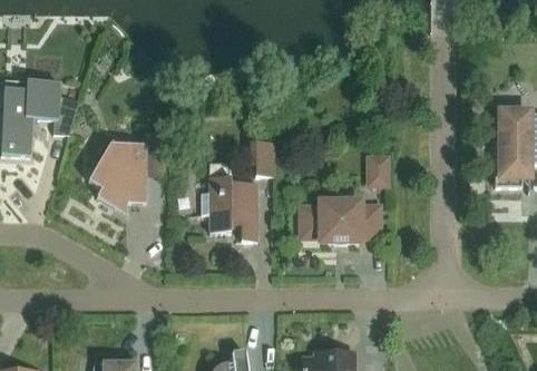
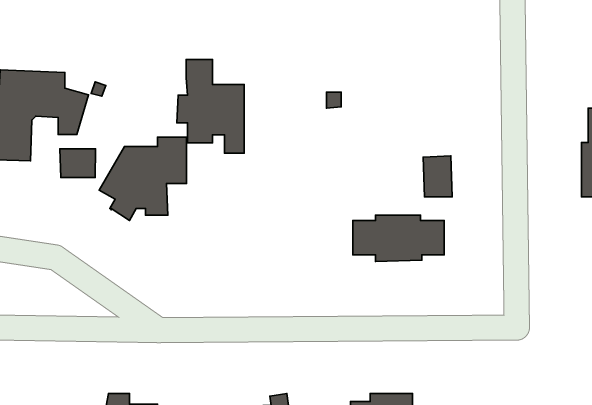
building: [253,141,275,174] -> none
building: none -> [60,149,96,178]
building: [202,162,258,241] -> [177,59,244,153]

